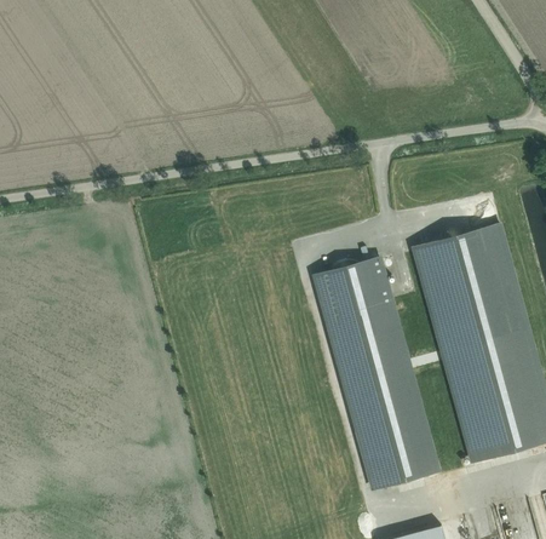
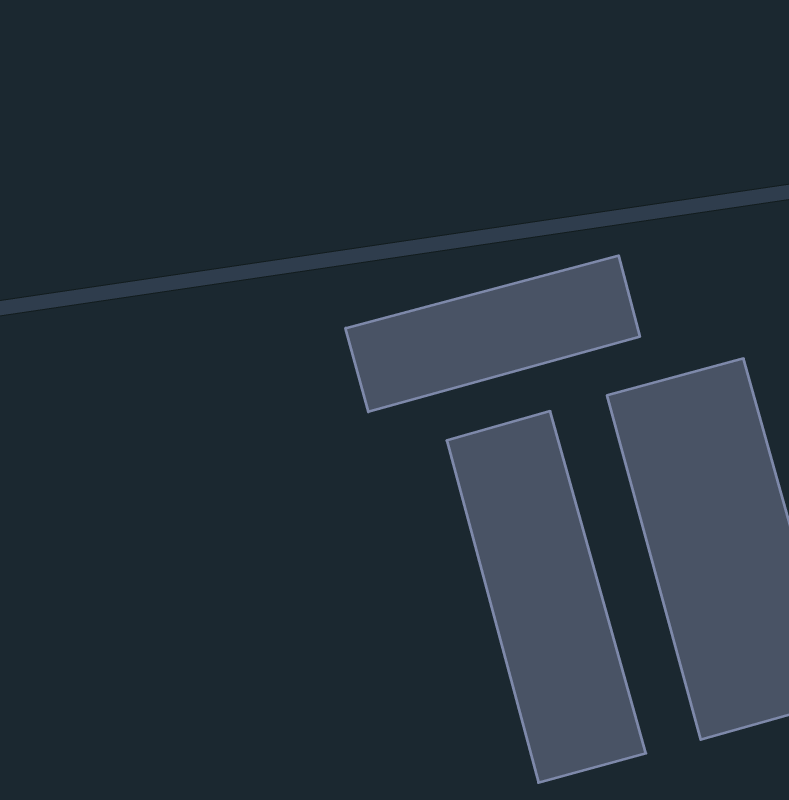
building: none -> [346,256,640,412]

